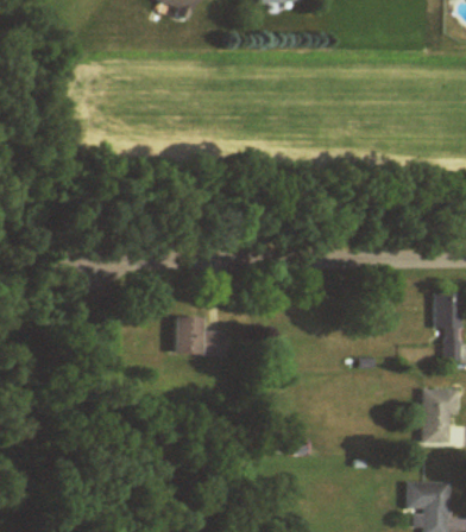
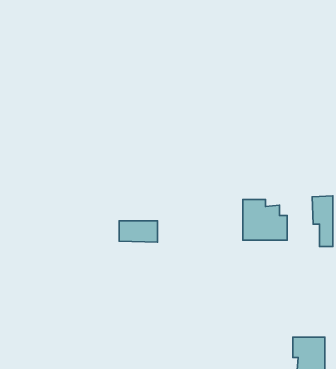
building: none -> [243,200,287,240]
building: [421,387,456,441] -> none

